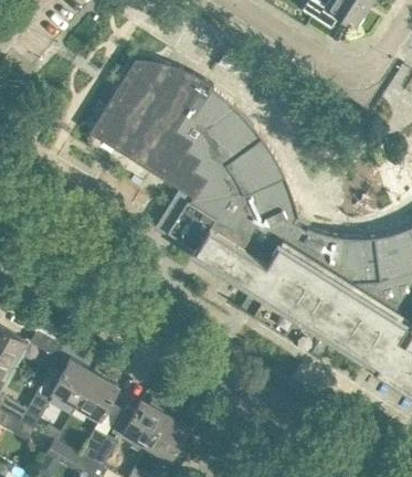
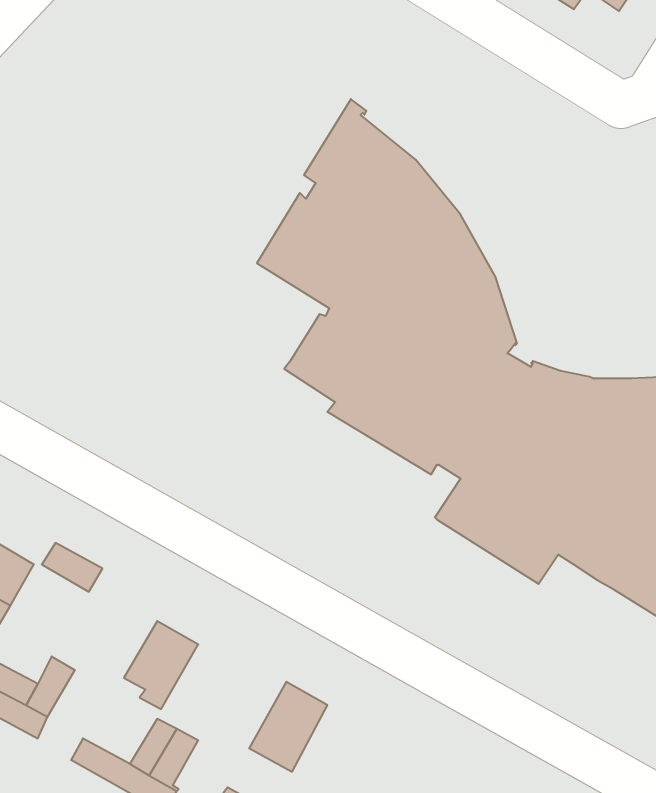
building: [96,57,203,171] -> none
building: [51,359,94,405] -> none
building: [110,399,167,445] -> none

